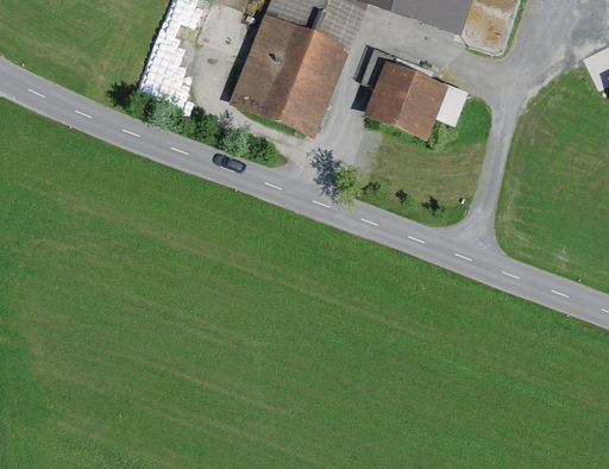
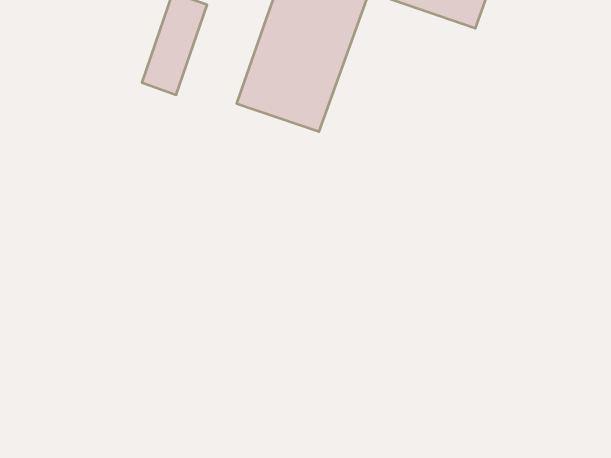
building: [370,63,450,137] -> none

